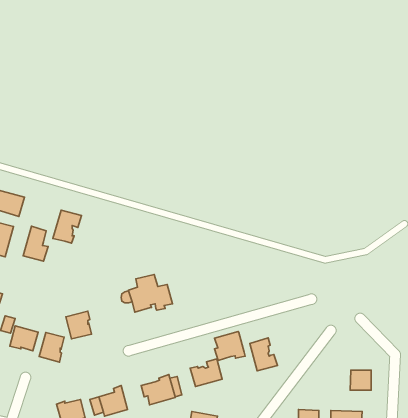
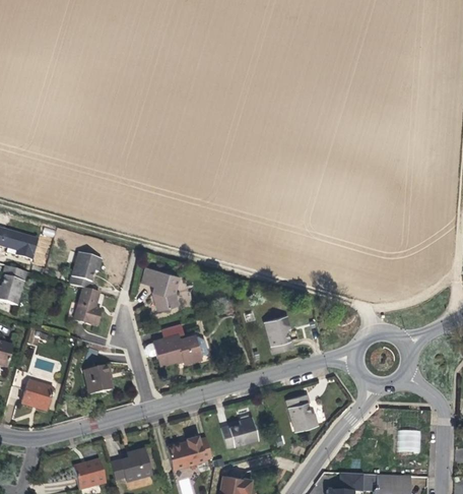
building: none -> [143,266,181,310]
building: [23,226,48,261] -> [74,287,102,325]
building: none -> [265,315,294,353]
building: [215,332,245,360] -> none
building: [39,333,64,362] -> none

